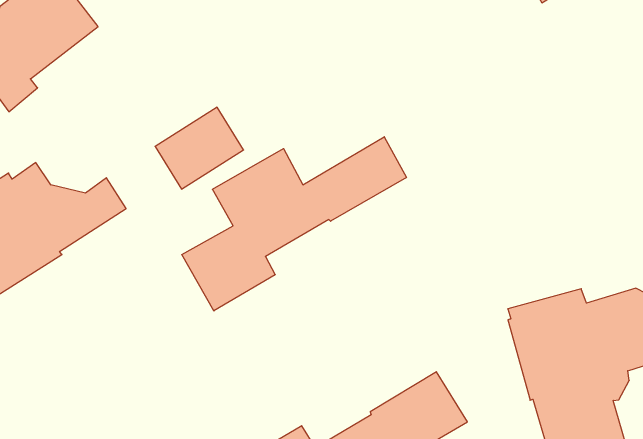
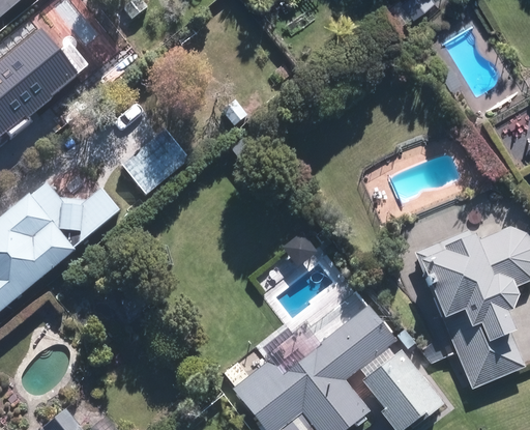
building: [182,137,406,311] -> none

